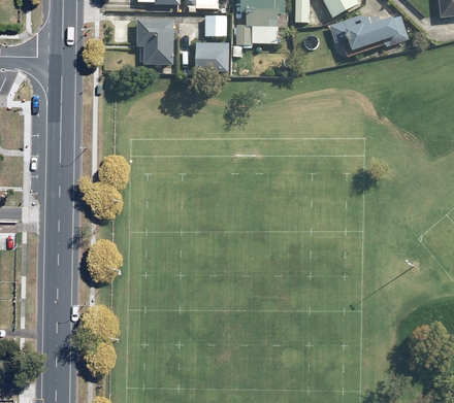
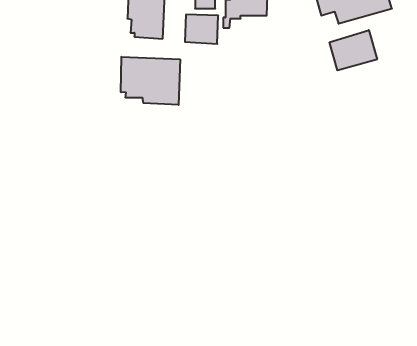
building: none -> [330,30,377,70]
building: none -> [121,57,180,105]

